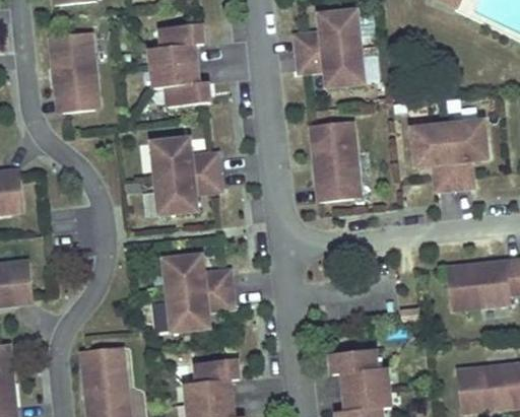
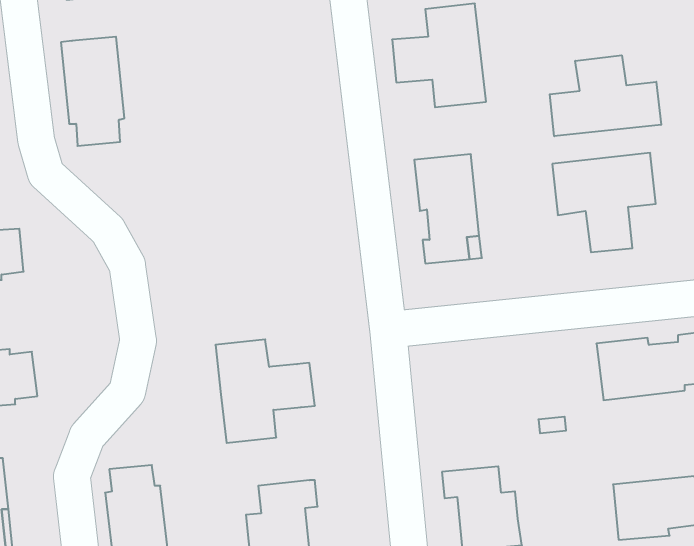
building: [151,23,210,108] -> none
building: none -> [550,55,661,136]
building: [151,139,224,215] -> none

